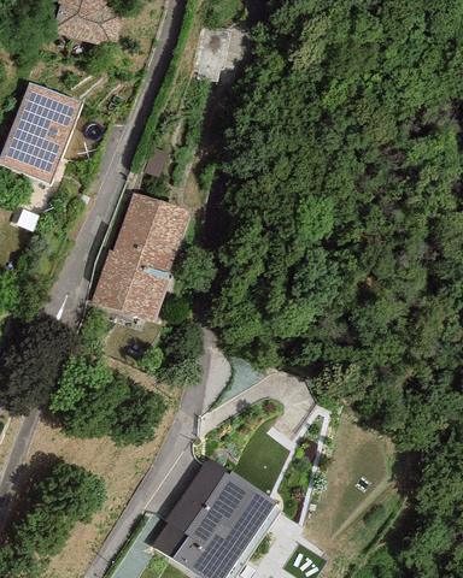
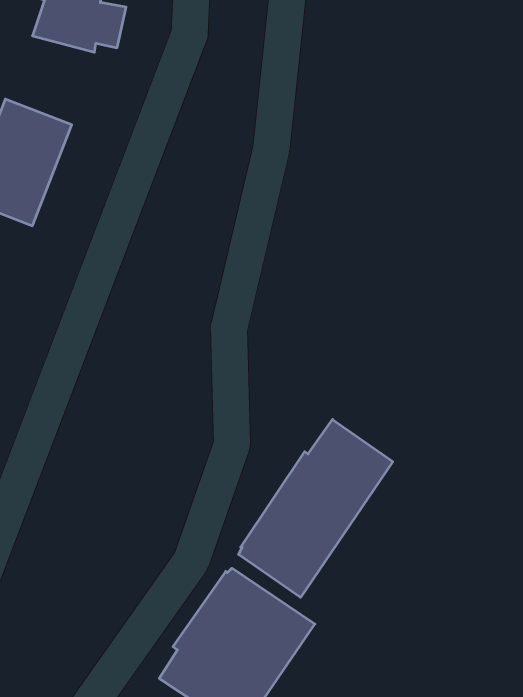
building: [92,194,188,320] -> none
building: none -> [239,419,393,597]

